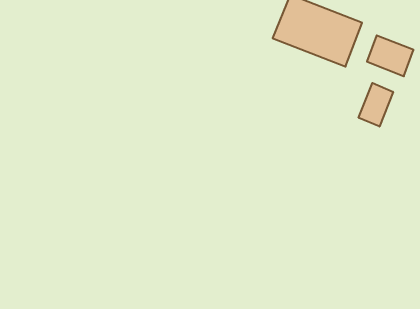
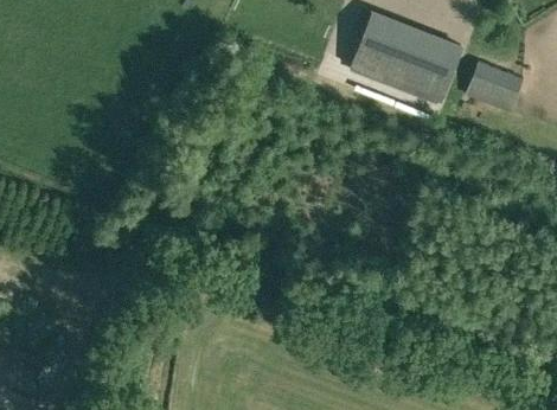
building: [359,83,393,127] -> none

